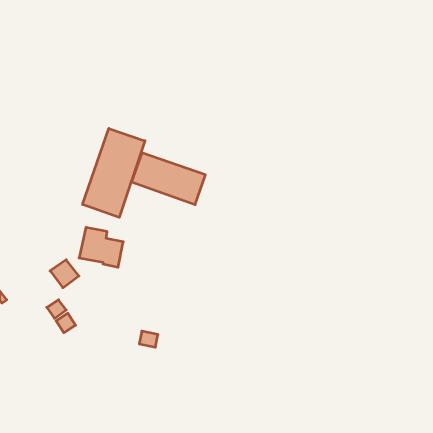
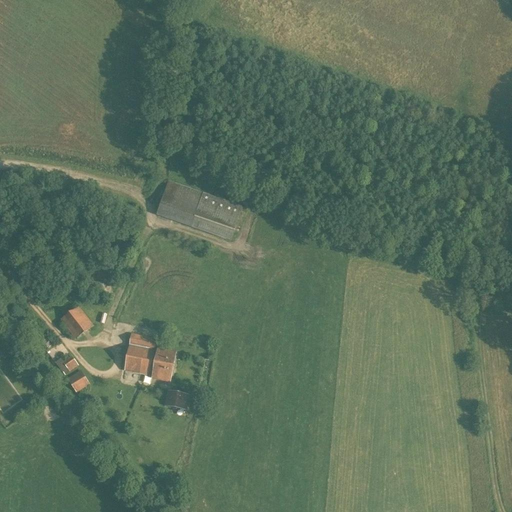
building: [83,128,145,217] -> none
building: [79,227,123,267] -> [123,334,175,381]

